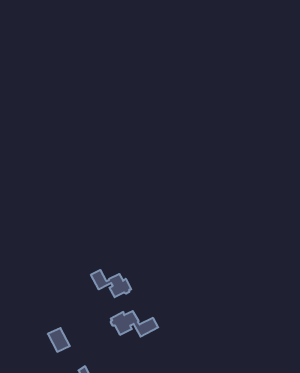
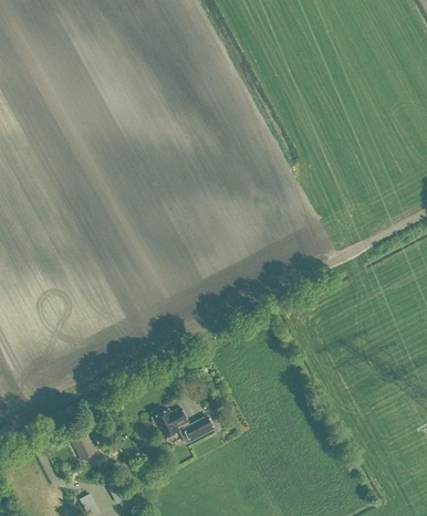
building: [91,270,131,297] -> none

